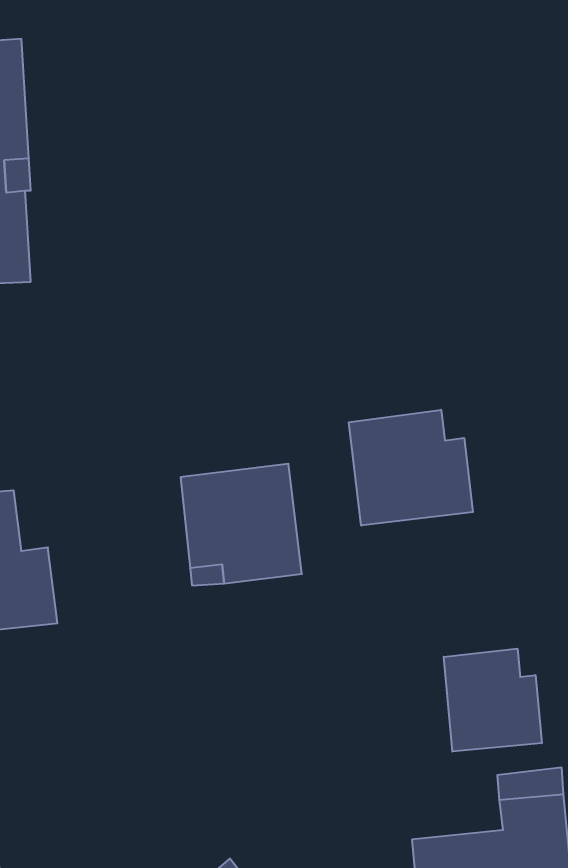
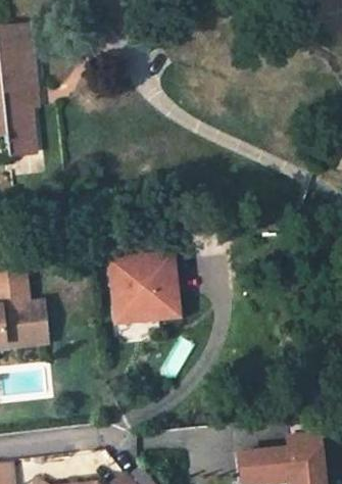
building: [349,410,473,526] -> none
building: [444,649,542,752] -> none

